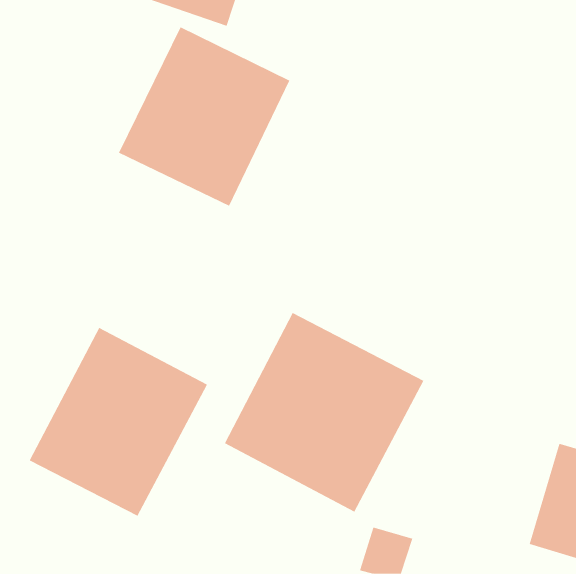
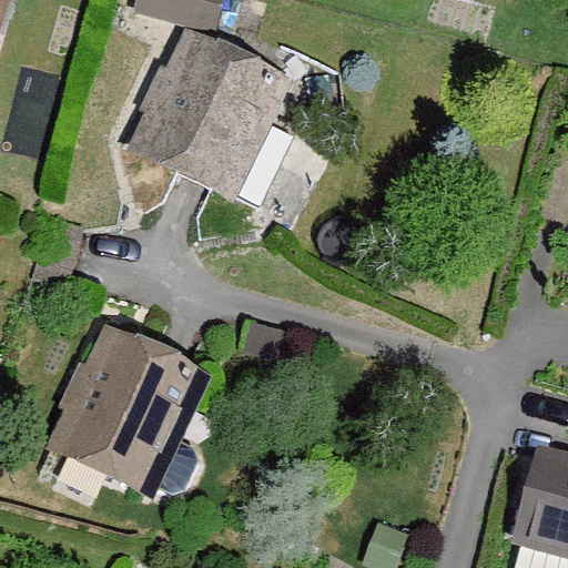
building: [224,312,424,513] -> none

